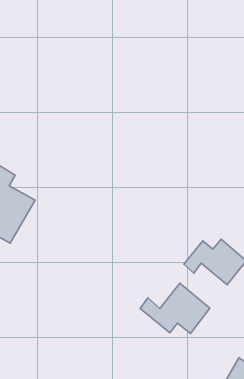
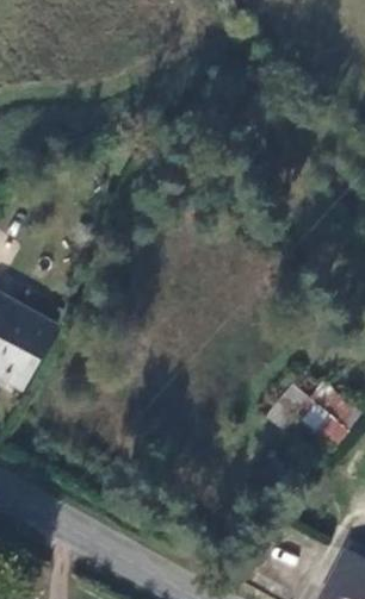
building: [140,283,210,333] -> none

